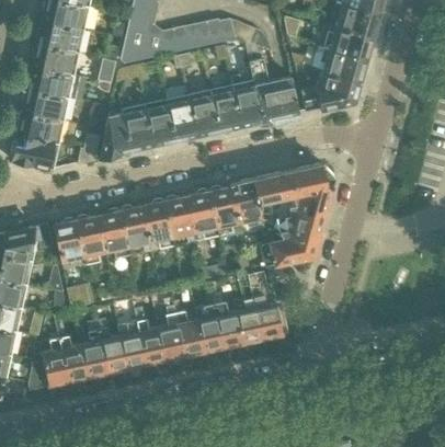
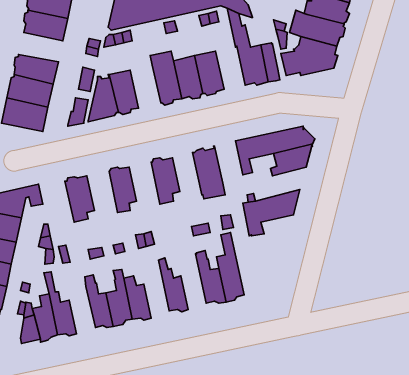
building: [26,65,73,95] -> none
building: [230,73,263,124] -> none
building: [144,99,175,144] -> none
building: [231,177,262,224] -> none
building: [187,188,218,237] -> none
building: [142,198,174,245] -> none
building: [277,205,327,238] -> none
building: [99,208,130,255] -> none
building: [54,217,85,265] -> none
building: [248,271,288,339] -> none
building: [195,295,222,353] -> none
building: [158,300,184,362] -> none
building: [80,319,107,378] -> none

